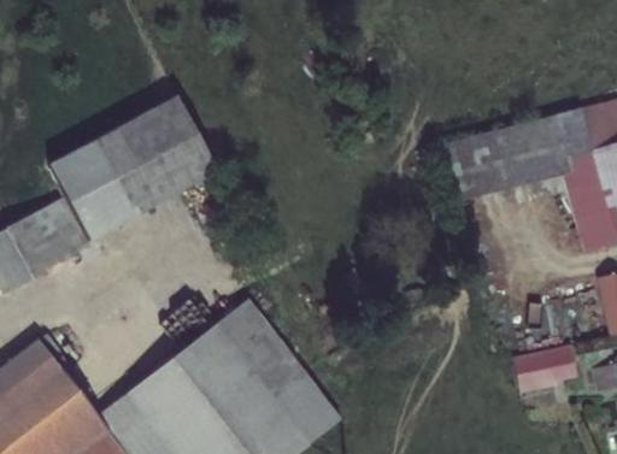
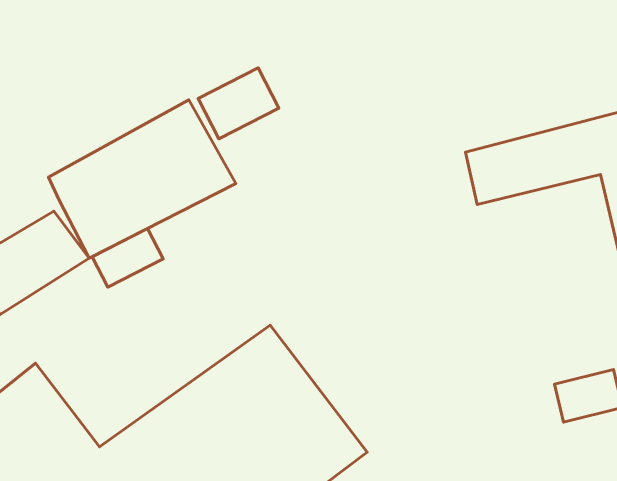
building: none -> [198,68,279,139]
building: none -> [92,229,163,287]

